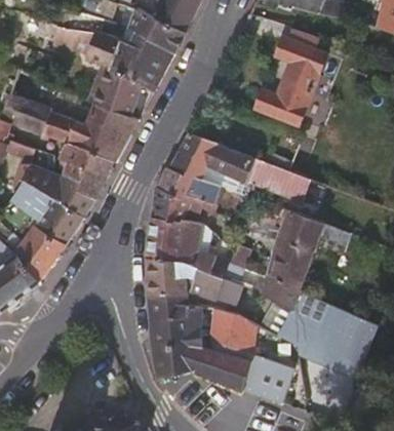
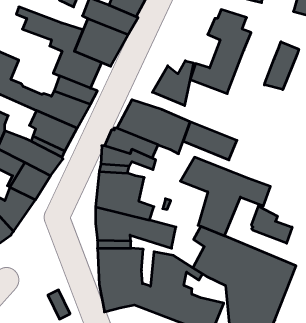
building: none -> [264,42,299,90]
building: none -> [152,61,193,106]
building: none -> [252,206,292,243]

